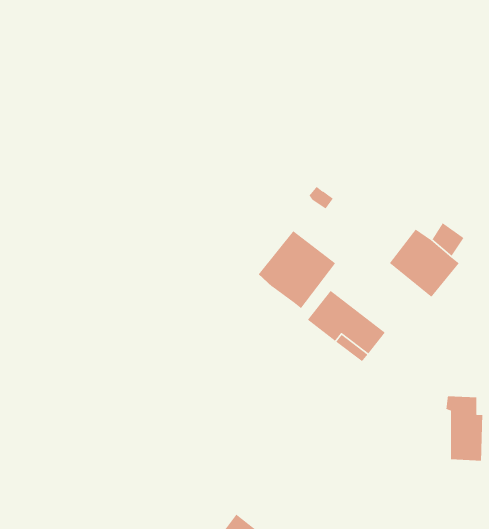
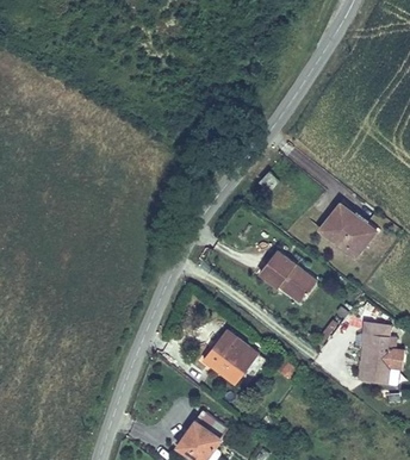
building: [258,230,336,309] -> none
building: none -> [206,329,255,379]

